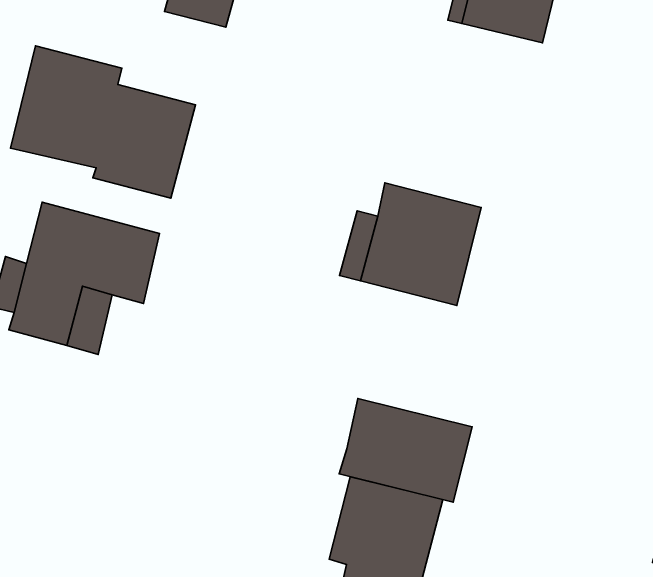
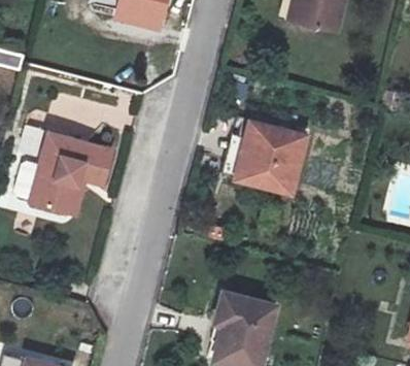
building: [11,46,196,198] -> none
building: [339,399,472,502] -> none

